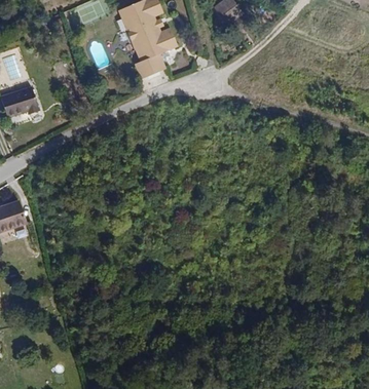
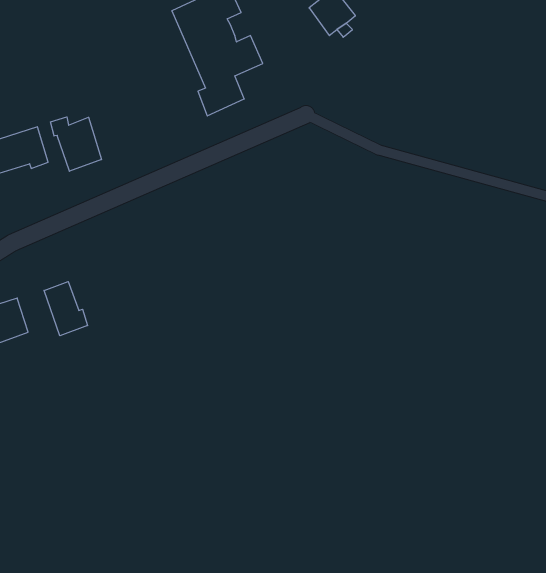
building: none -> [50,117,101,171]
building: none -> [44,282,88,336]

